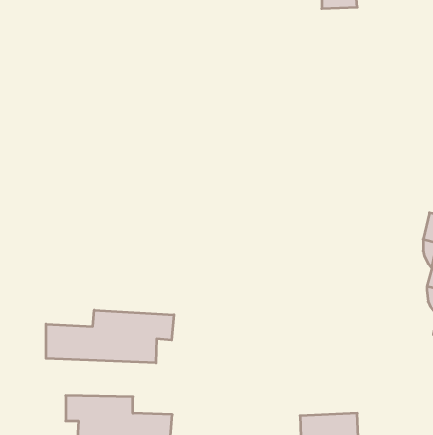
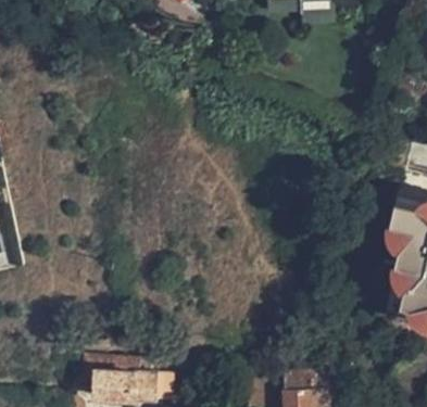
building: [46,310,174,363] -> none

